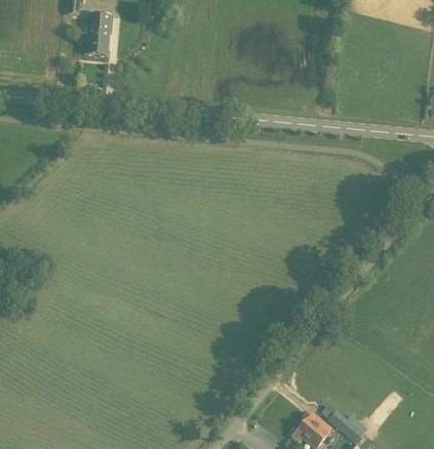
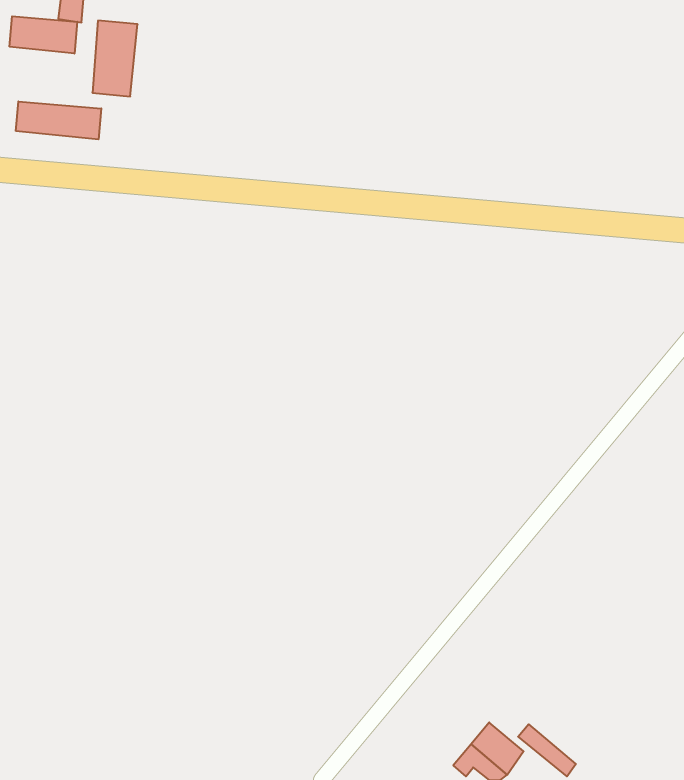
building: none -> [10,16,77,54]
building: none -> [16,101,101,139]

